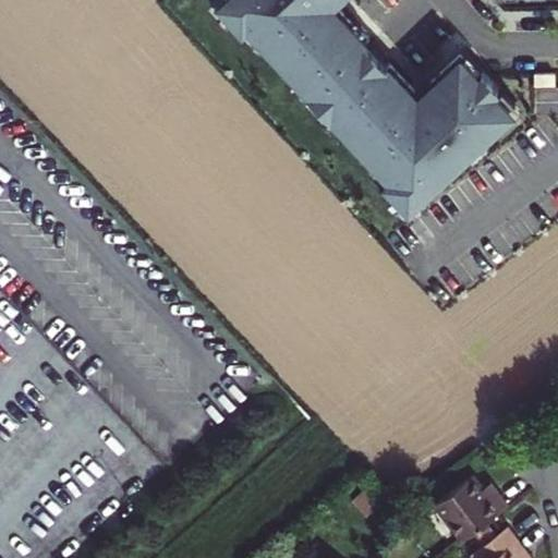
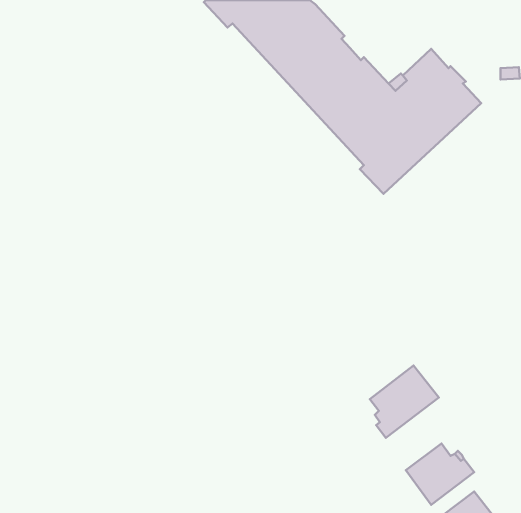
building: none -> [370,366,439,438]

